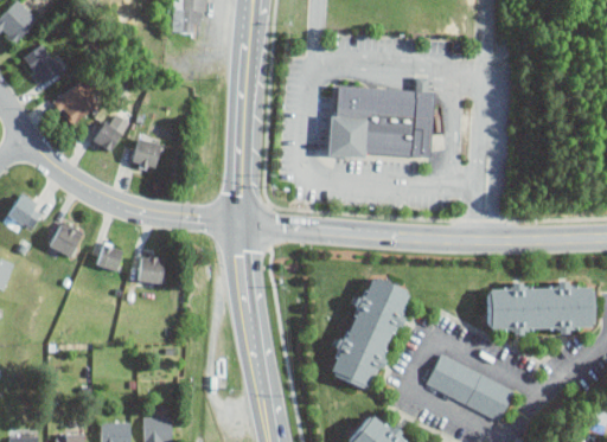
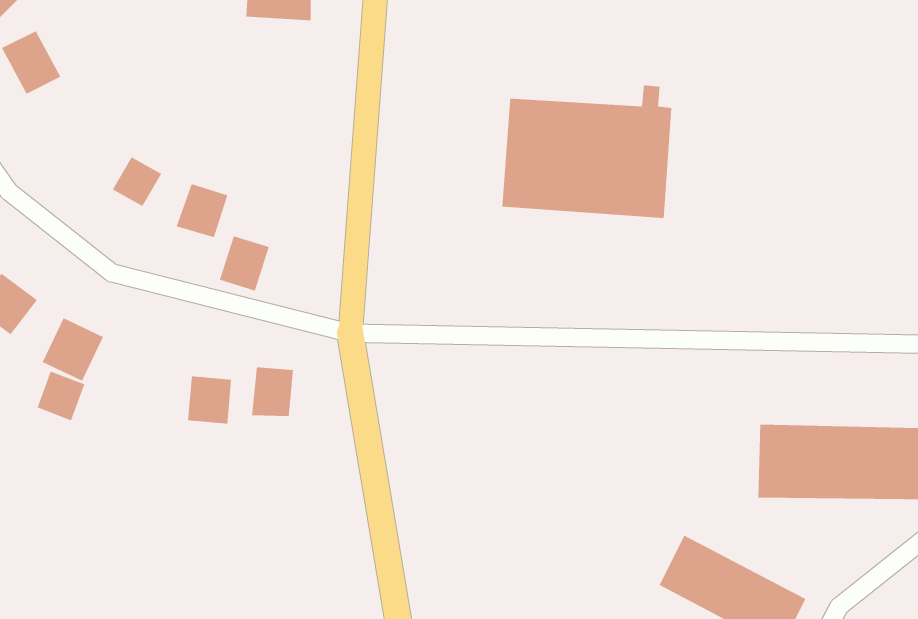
building: [53,81,100,127] -> none
building: none -> [219,235,269,291]
building: [95,243,124,274] -> [37,371,85,421]
building: none -> [252,366,293,417]
building: [328,275,410,391] -> none

